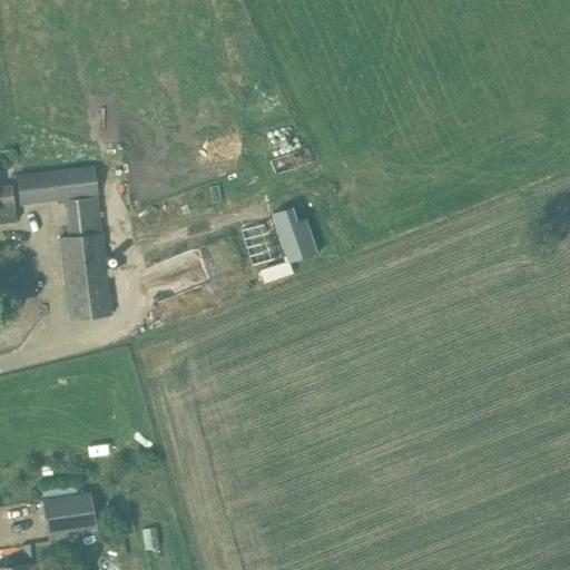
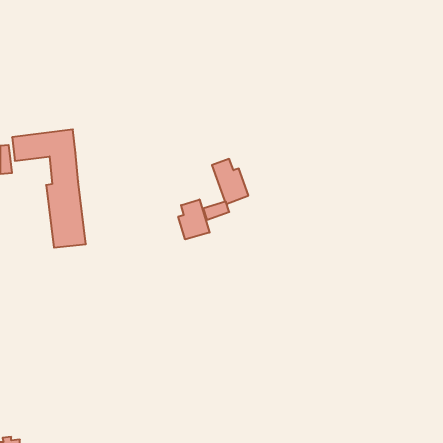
building: none -> [178,199,210,239]
building: [42,494,82,535] -> none

